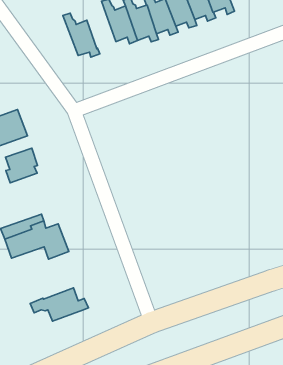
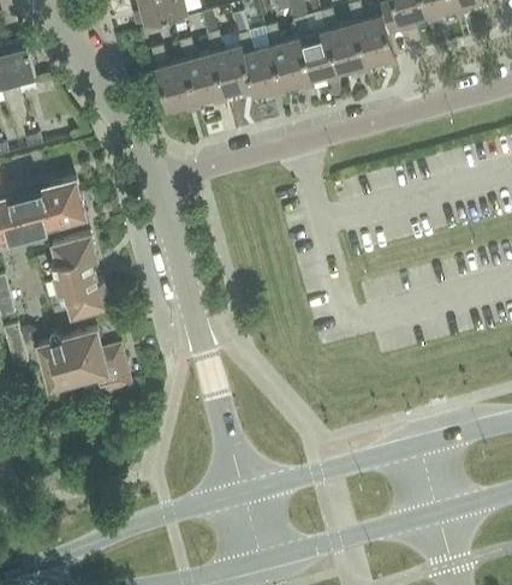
building: none -> [179,40,226,106]
building: none -> [55,271,109,317]
building: [30,288,89,321] -> none

